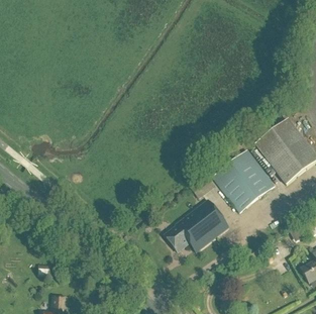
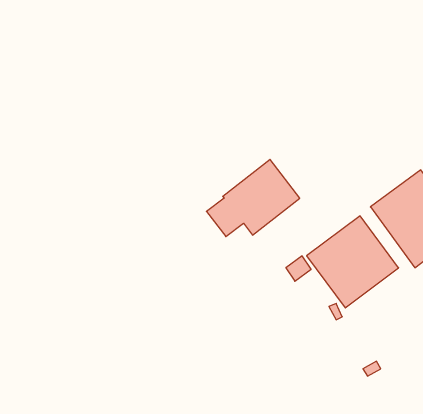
building: [164,199,227,251] -> [206,159,300,237]

